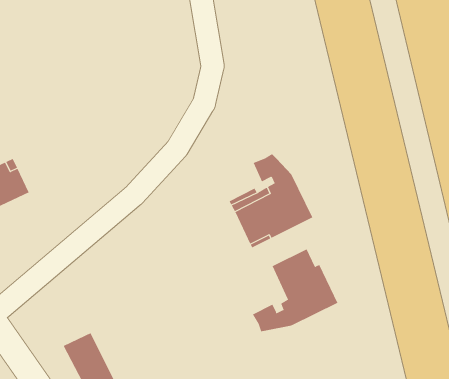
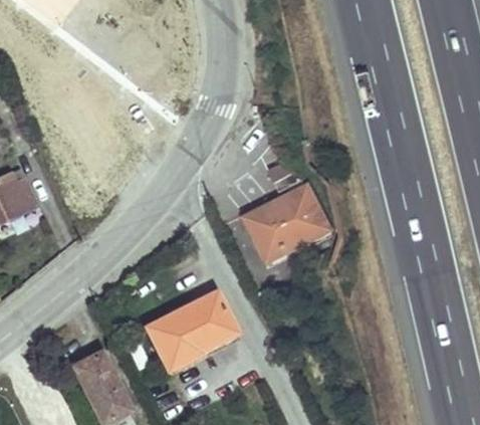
building: [252,248,338,332] -> none
building: none -> [145,291,237,371]

